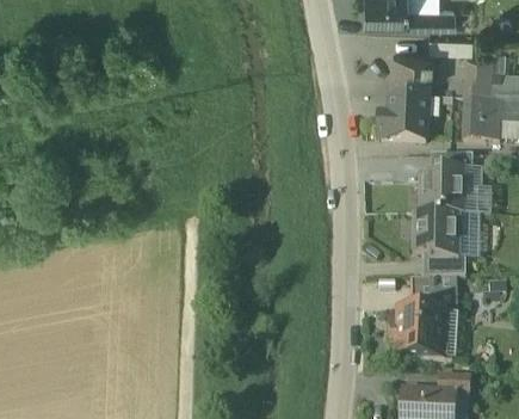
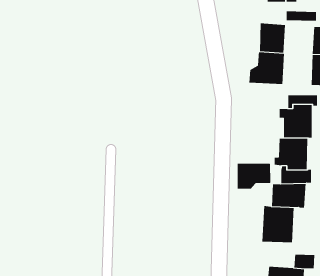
building: none -> [237,163,271,190]

